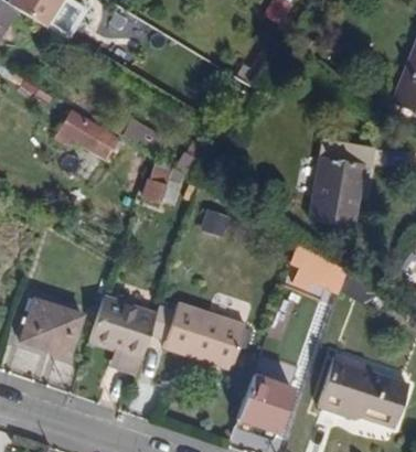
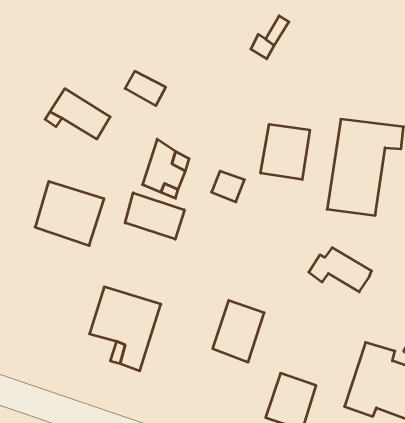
building: none -> [261,124,310,180]
building: none -> [125,193,184,239]
building: [24,297,86,354] -> [35,181,104,246]
building: [166,299,215,354] -> none

